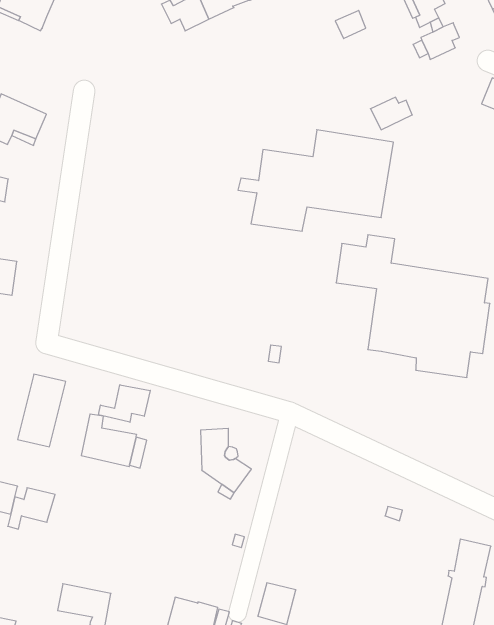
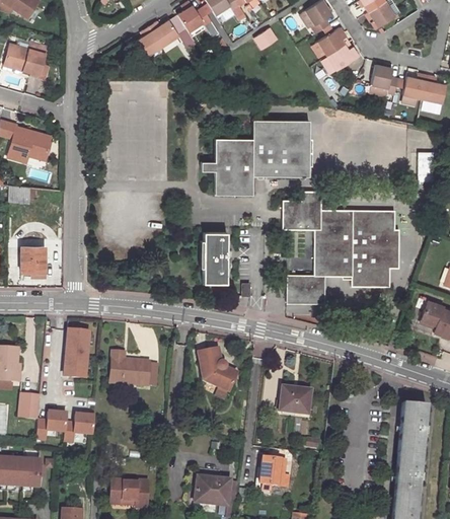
building: [370,97,412,130] -> [328,44,360,69]
building: none -> [203,232,226,282]
building: none -> [287,275,323,304]
building: [99,385,150,422] -> none
building: none -> [281,386,312,414]

